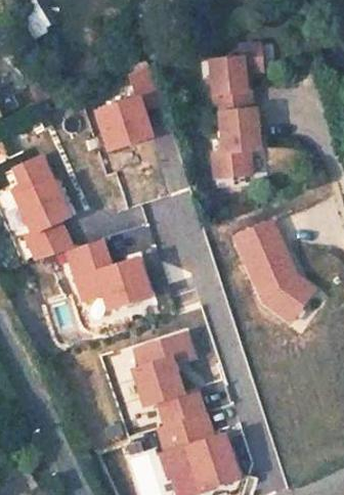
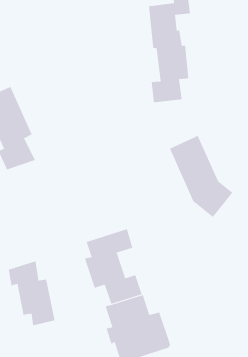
building: [97,63,164,149] -> none
building: [66,239,149,310] -> none
building: none -> [8,260,55,326]

